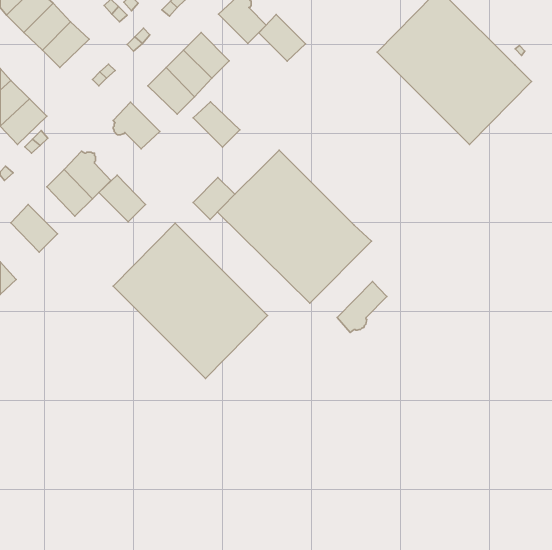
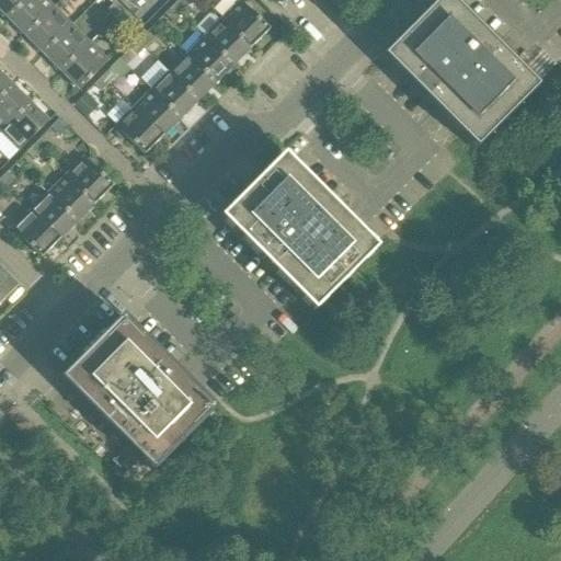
building: [259,14,306,61] -> [206,14,253,61]
building: none -> [64,39,111,85]
building: [193,102,240,147] -> [135,87,182,133]
building: [99,175,146,222] -> [32,188,79,236]
building: [193,178,235,219] -> none
building: [113,223,267,379] -> [61,311,217,468]
building: [337,281,387,333] -> none

